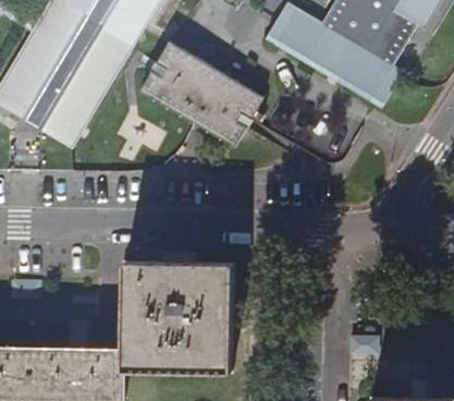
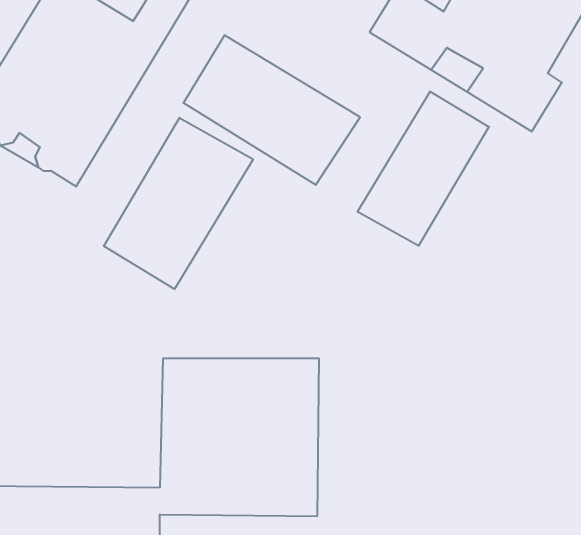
building: none -> [357,91,489,246]
building: none -> [104,118,253,289]

